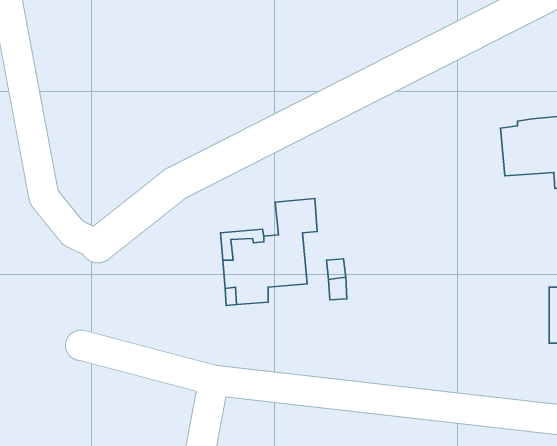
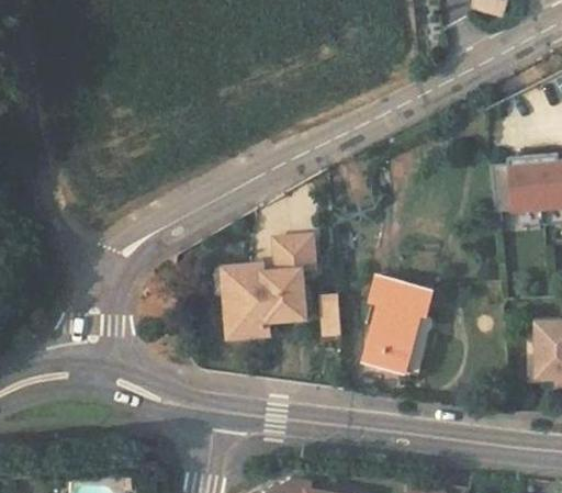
building: none -> [364,276,431,370]

